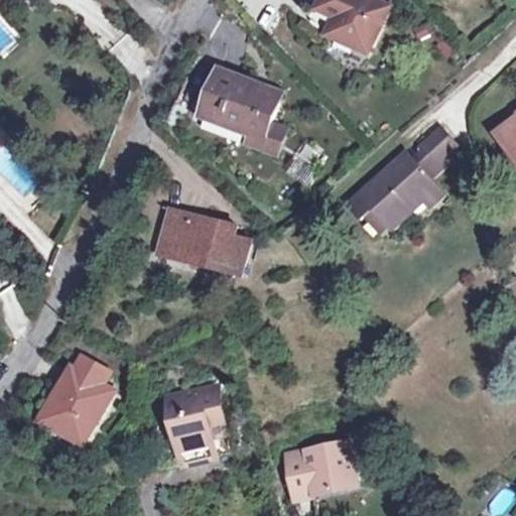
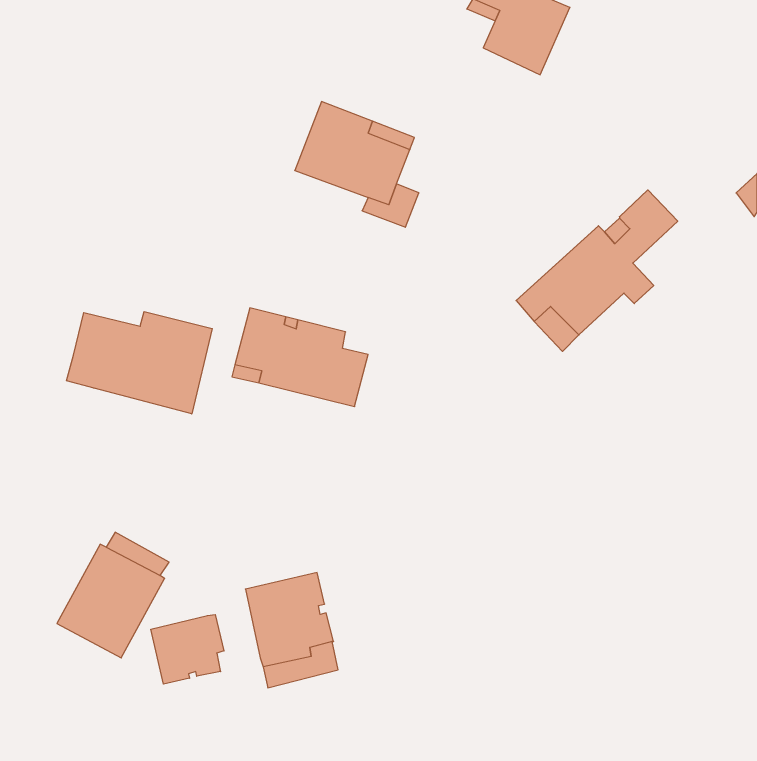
building: none -> [66,312,212,414]
building: none -> [151,615,224,684]
building: [282,440,353,498] -> none

